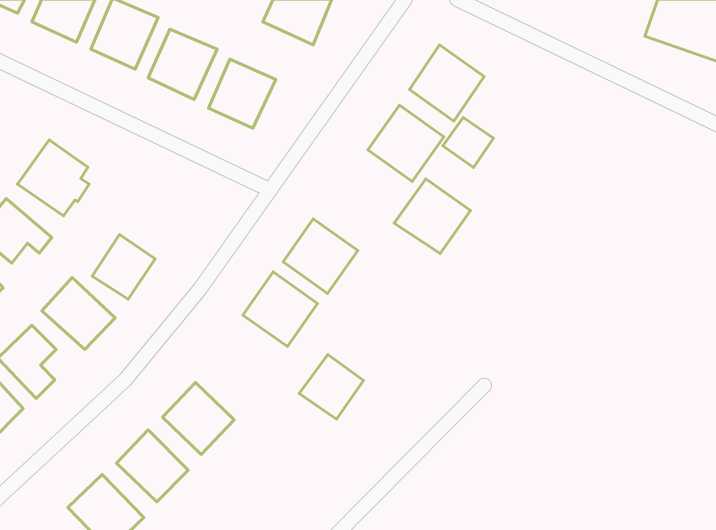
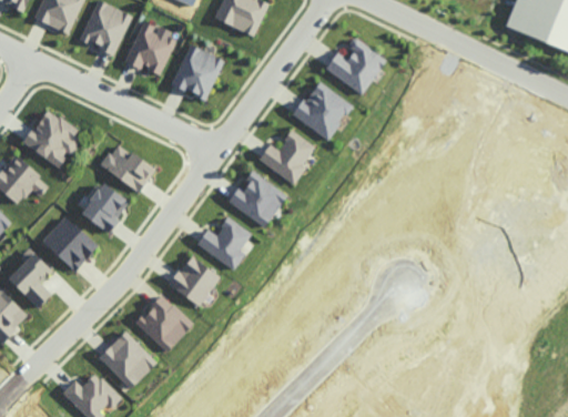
building: [443,117,494,168] -> none
building: [394,179,470,253] -> [257,125,316,183]
building: none -> [100,142,154,192]
building: [299,355,364,419] -> [169,257,219,307]

